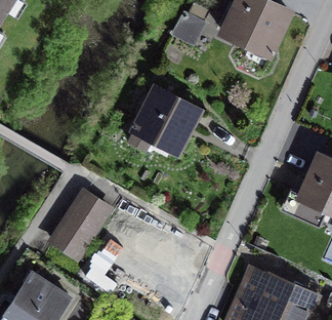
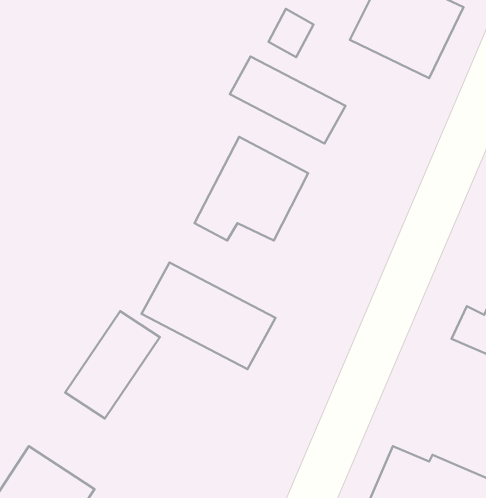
building: none -> [230,56,345,144]
building: none -> [142,263,275,369]

